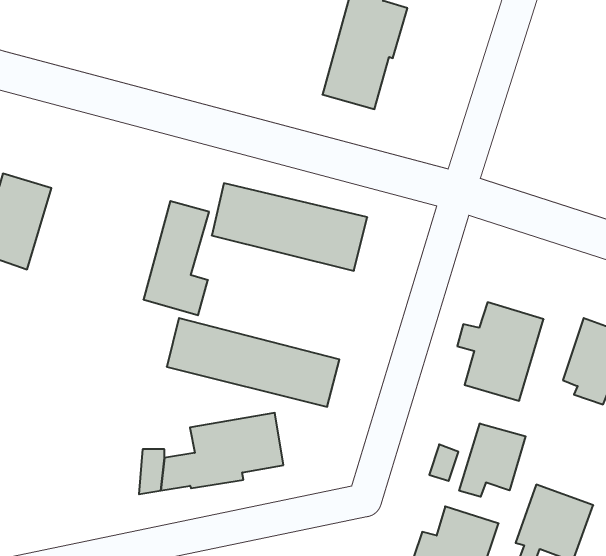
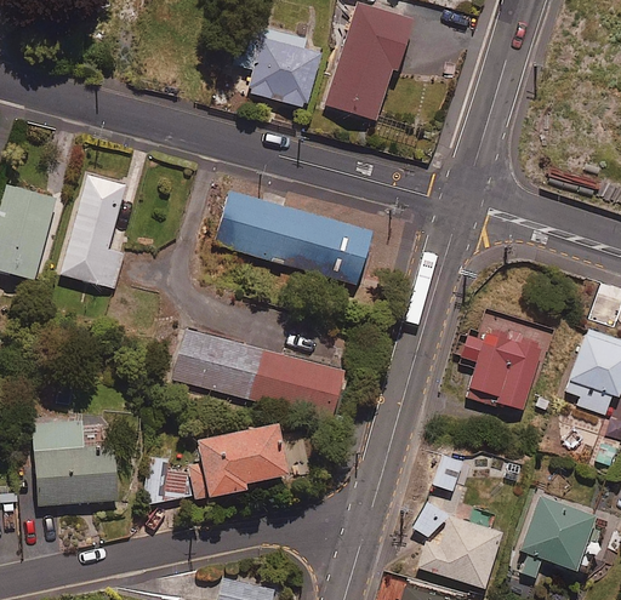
building: none -> [244,27,320,107]
building: [143,201,209,315] -> [59,175,125,288]
building: none -> [32,421,116,505]
building: [459,423,526,497] -> none

